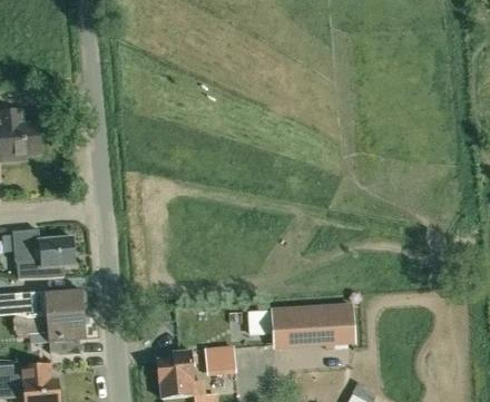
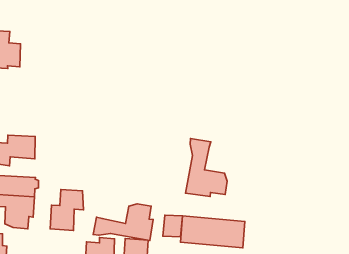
building: none -> [186,139,227,197]
building: none -> [50,190,84,231]
building: none -> [93,204,153,241]

